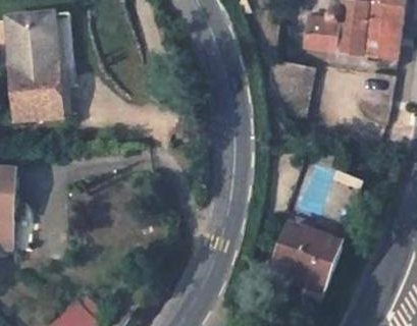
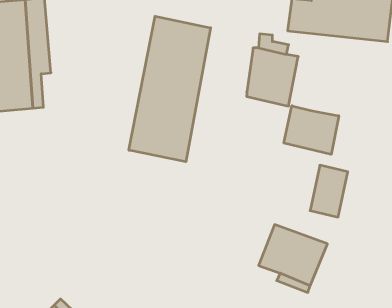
building: none -> [129,16,211,162]
building: none -> [284,106,339,154]

